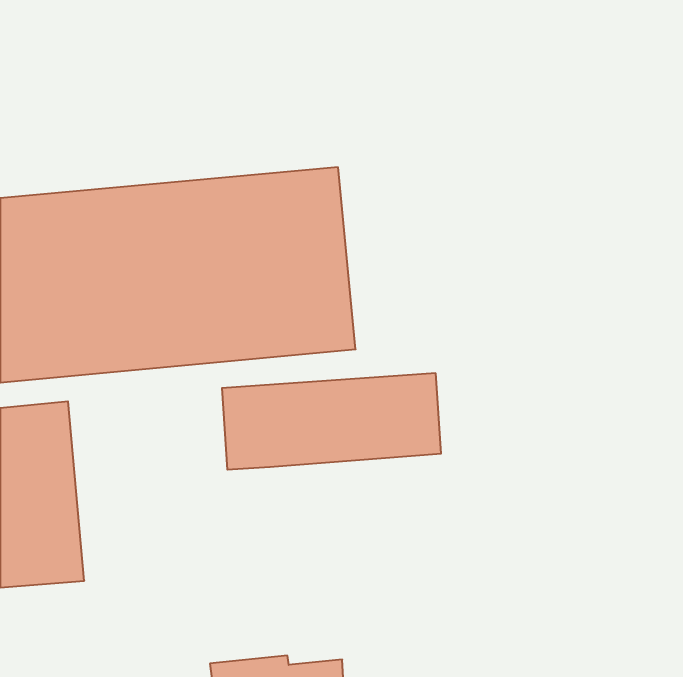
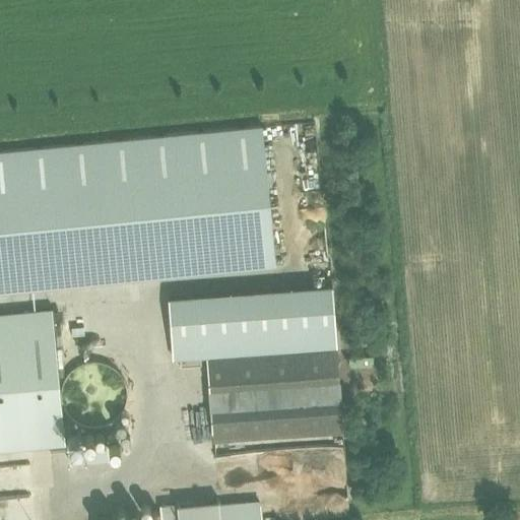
building: none -> [205,349,339,397]
building: none -> [209,398,343,447]

